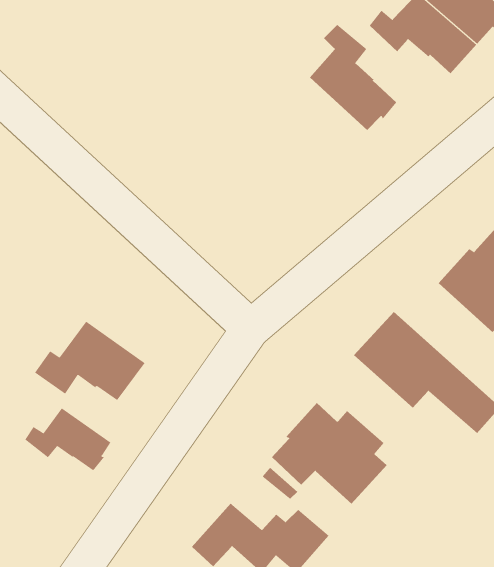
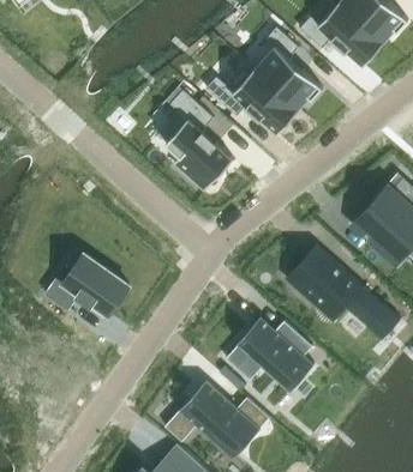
building: none -> [206,59,300,133]
building: none -> [158,89,234,192]
building: [24,407,111,471] -> none

